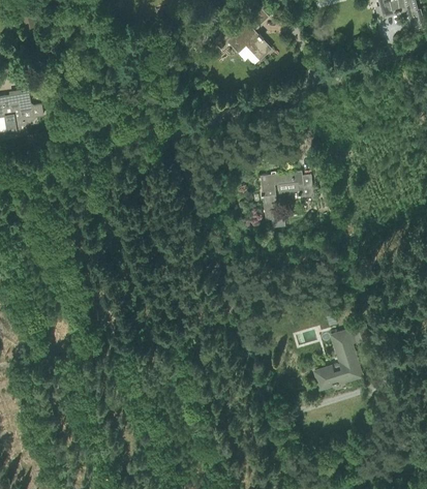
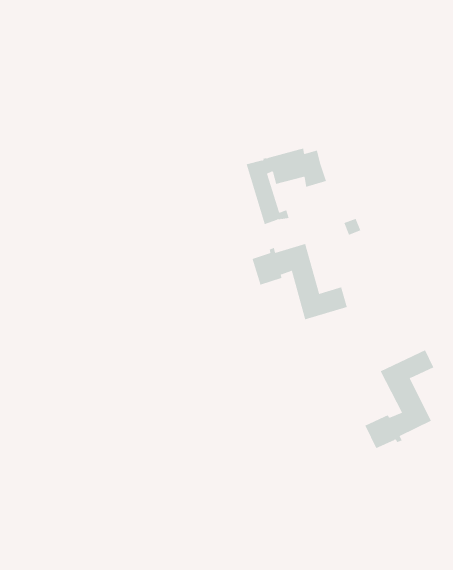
building: none -> [252,243,348,320]

